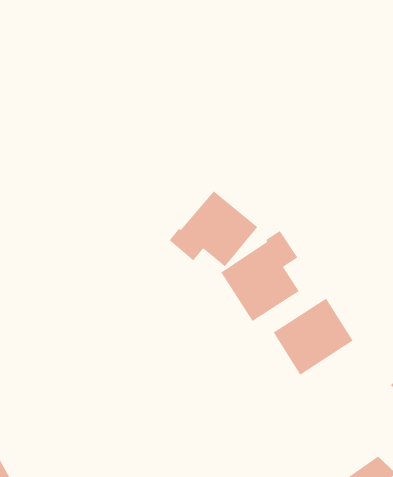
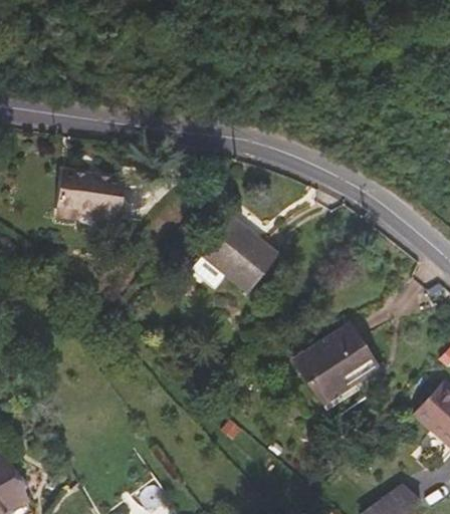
building: none -> [56,170,124,219]
building: [220,230,300,322] -> none

